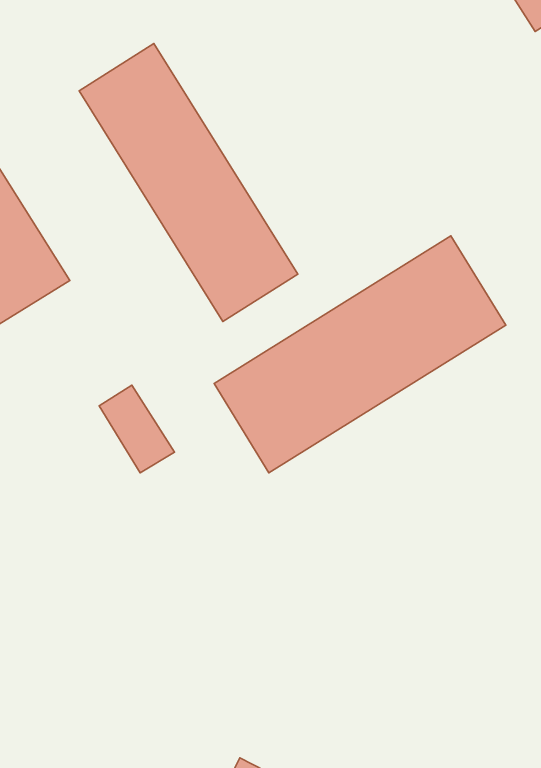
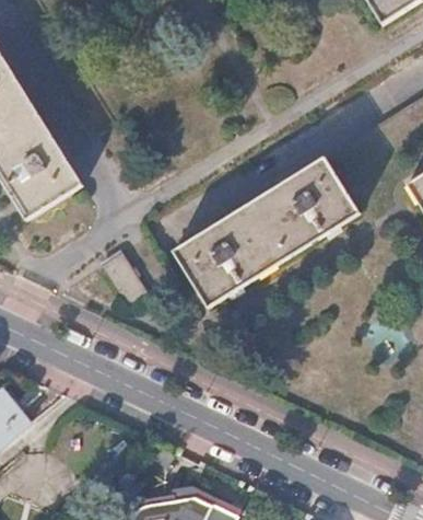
building: [79,43,298,322] -> none

